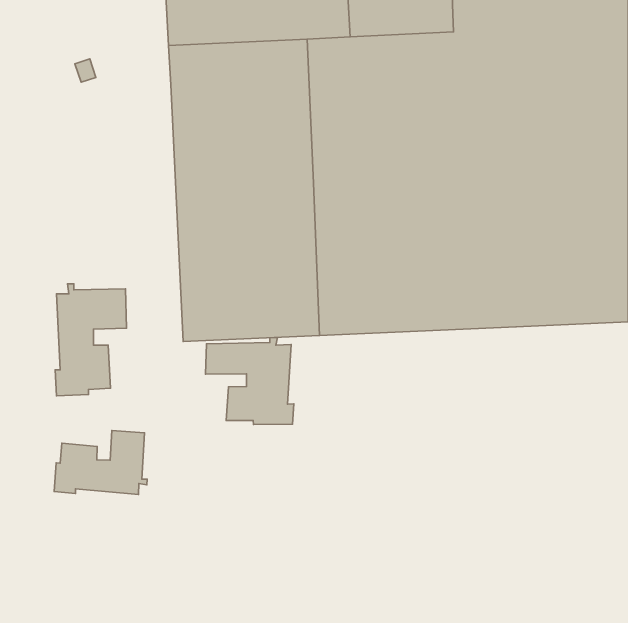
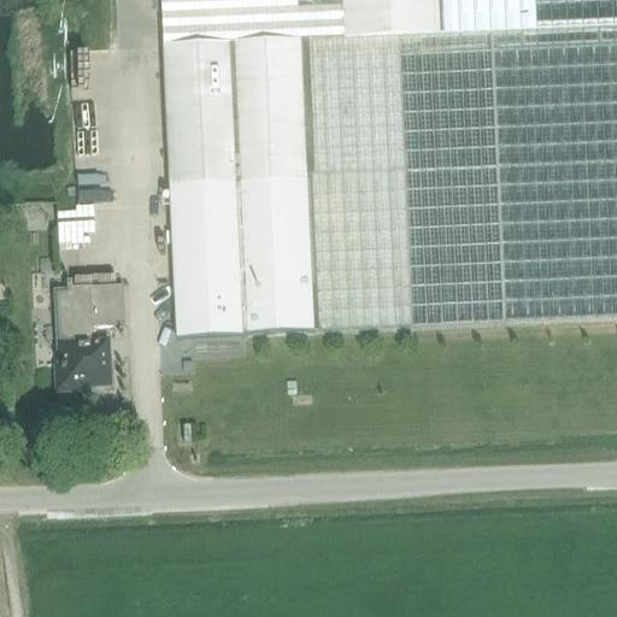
building: [206,337,294,424] -> none
building: [54,431,147,494] -> none

